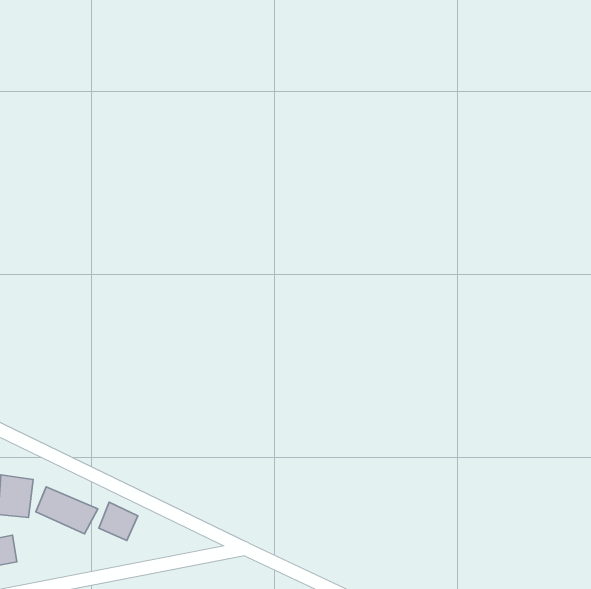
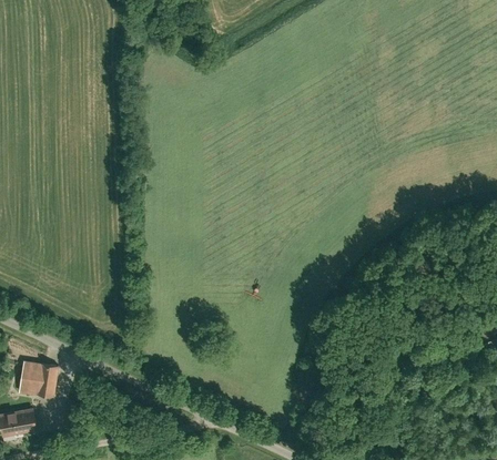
building: [99,502,138,540] -> none

